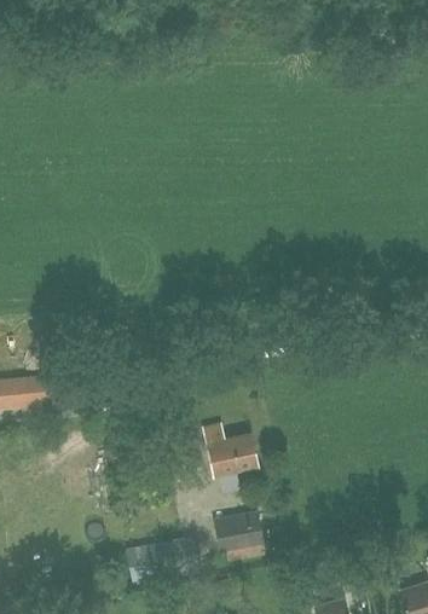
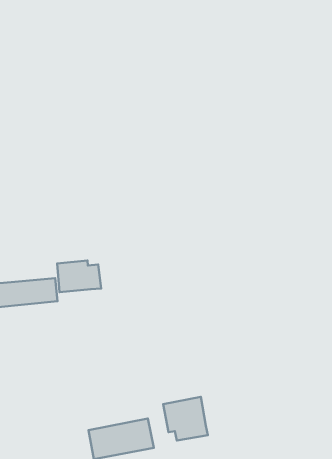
building: none -> [57,261,101,292]
building: [201,422,256,475] -> none

